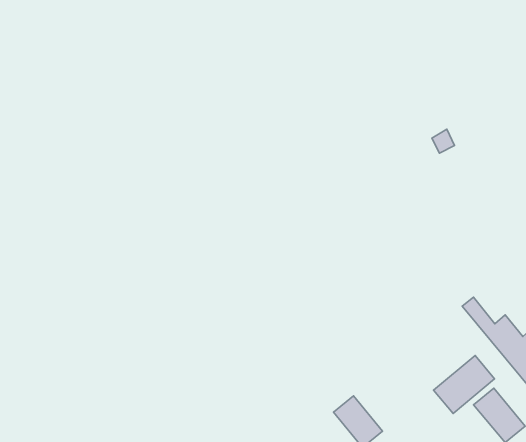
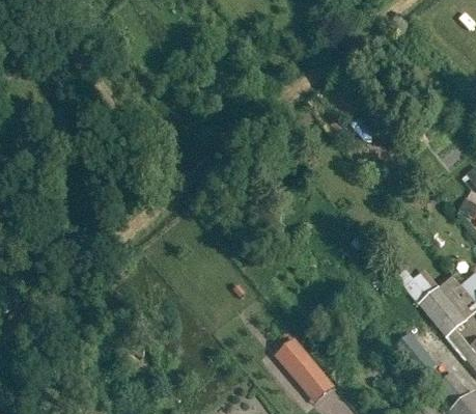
building: [434,356,495,413] -> none

